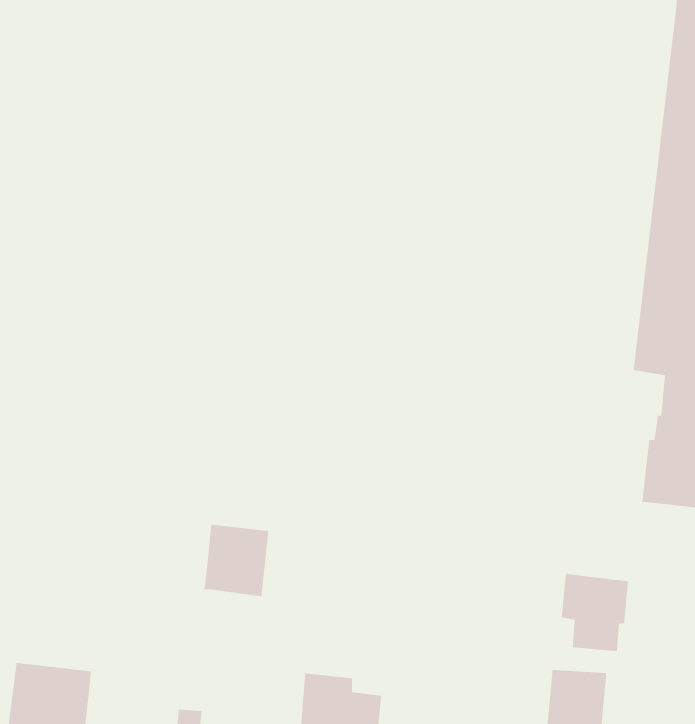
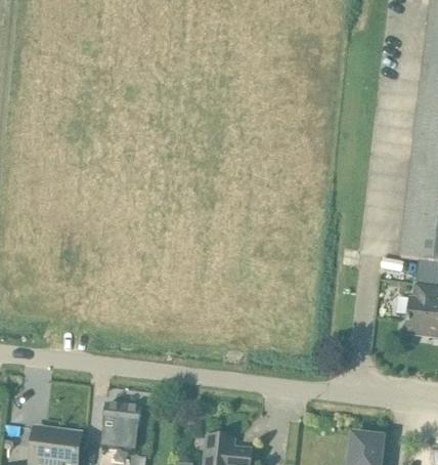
building: [203,524,269,597] -> [101,400,140,443]
building: [561,573,628,652] -> none

